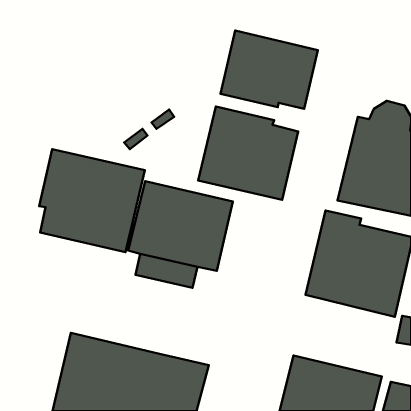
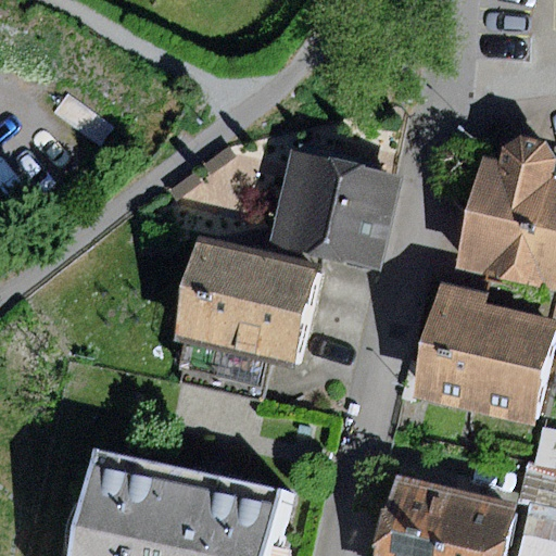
building: [220,30,318,109] -> none
building: [39,149,145,252] -> none

